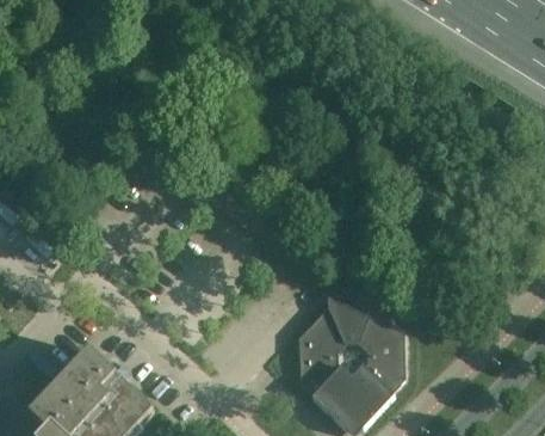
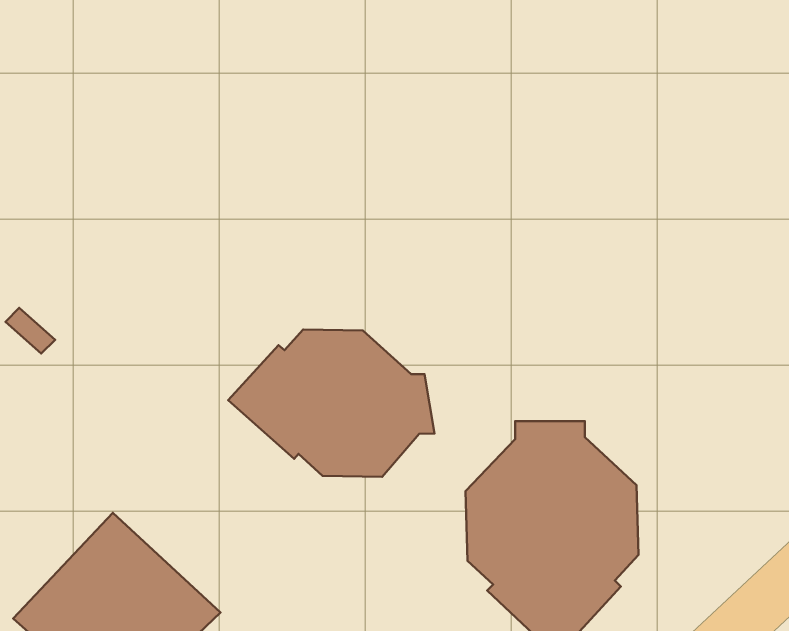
building: none -> [228,330,435,477]

